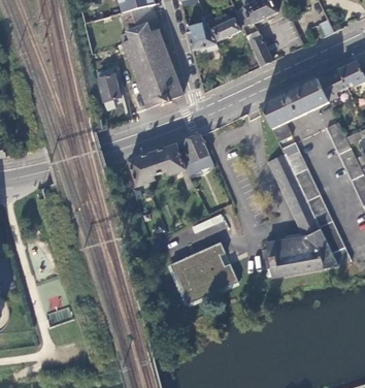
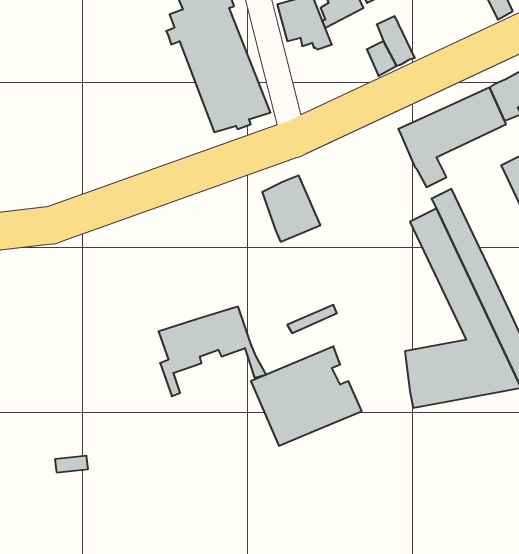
building: [96,71,121,109] -> none
building: [128,144,195,200] -> [158,307,266,396]

